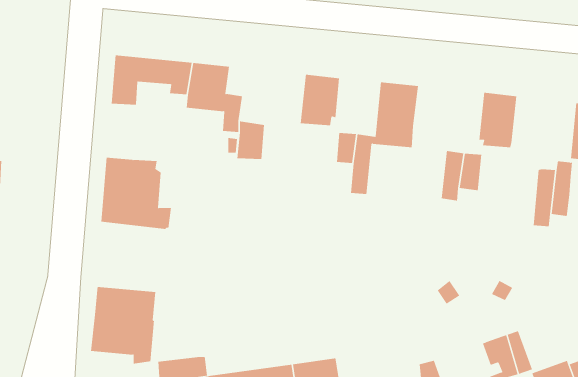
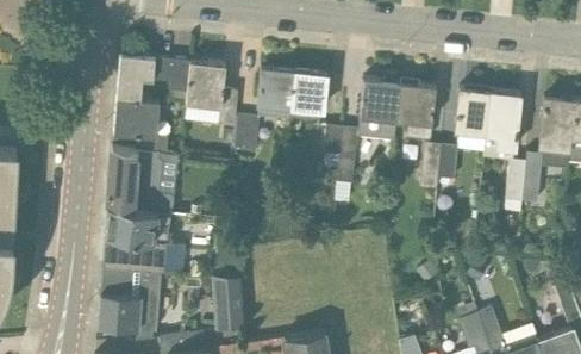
building: none -> [257,69,296,120]
building: none -> [396,83,437,141]
building: none -> [487,93,523,151]
building: none -> [114,100,169,154]
building: none -> [105,209,169,273]
building: none -> [198,277,245,333]

